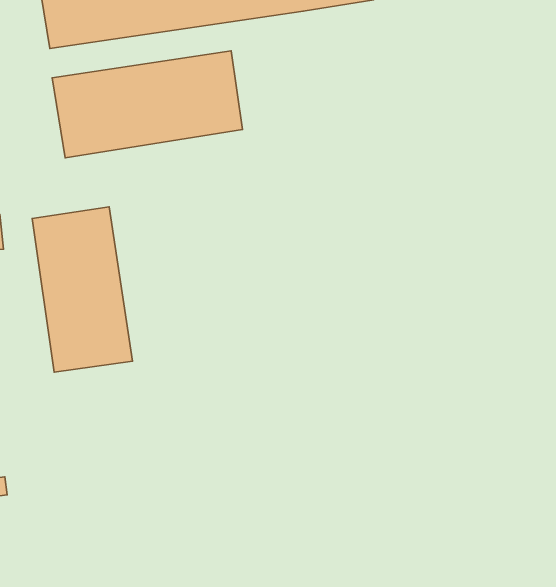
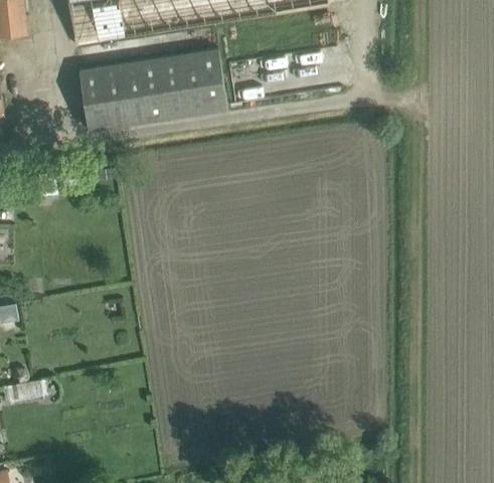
building: [32,207,132,372] -> none

